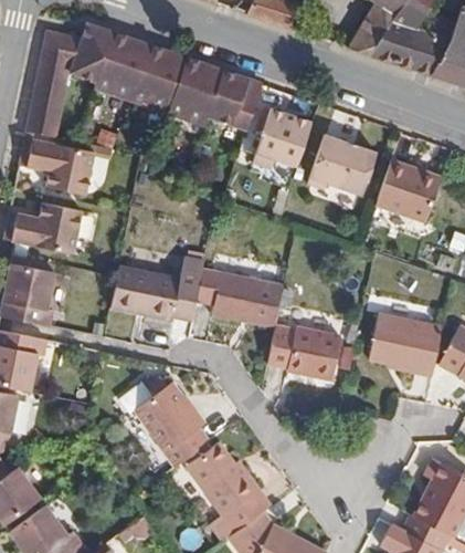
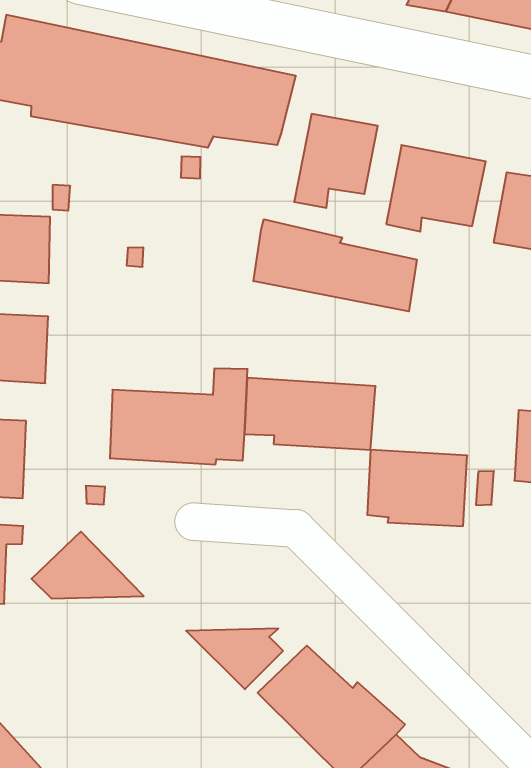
building: none -> [253,219,417,311]
building: [133,384,202,430] -> [31,532,144,599]

